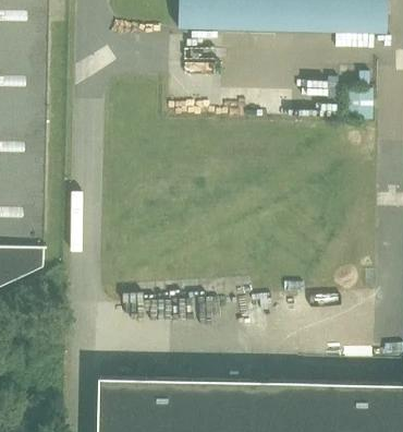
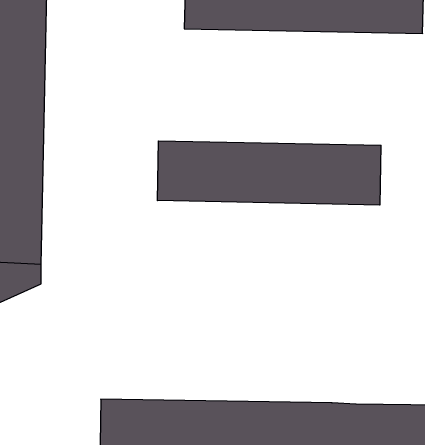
building: none -> [157,141,381,205]

